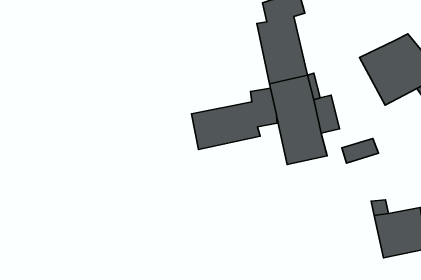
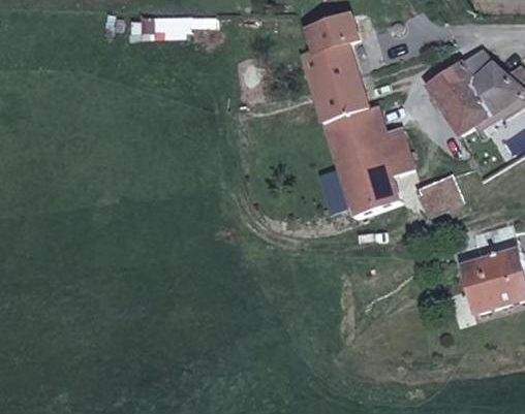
building: [191,88,277,150] -> none

